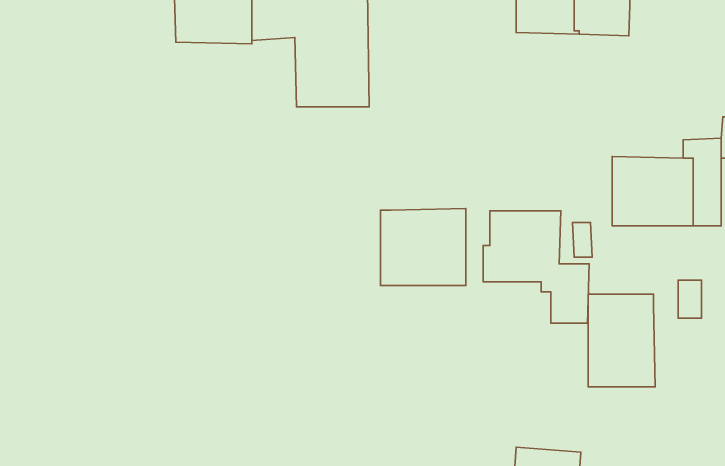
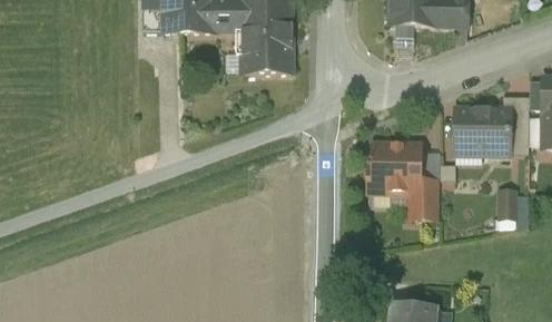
building: [381,208,466,286] -> none
building: [588,294,655,387] -> none

